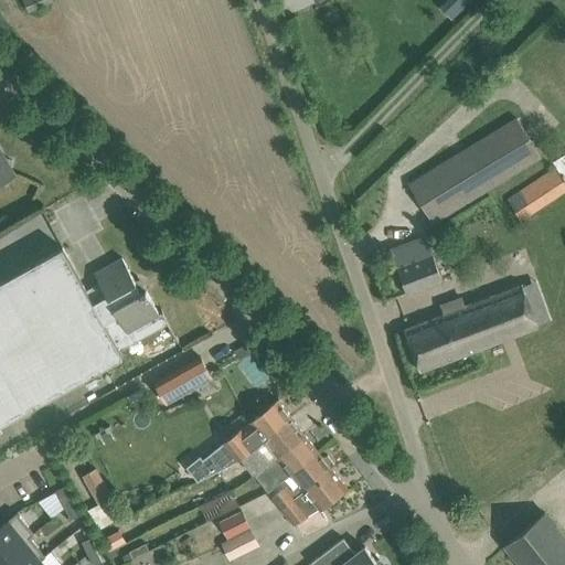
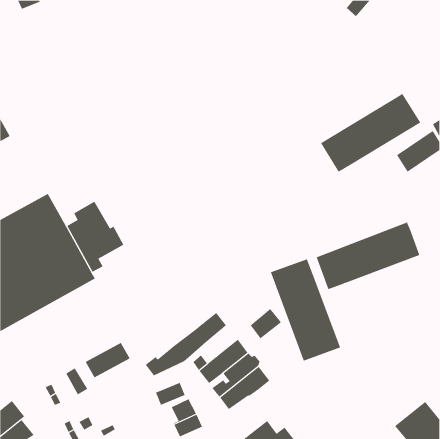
building: [390,239,443,296] -> none
building: none -> [270,258,341,361]
building: [152,359,211,405] -> [85,342,131,378]
building: [264,418,305,458] -> [250,308,282,339]

